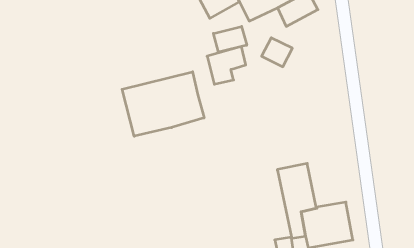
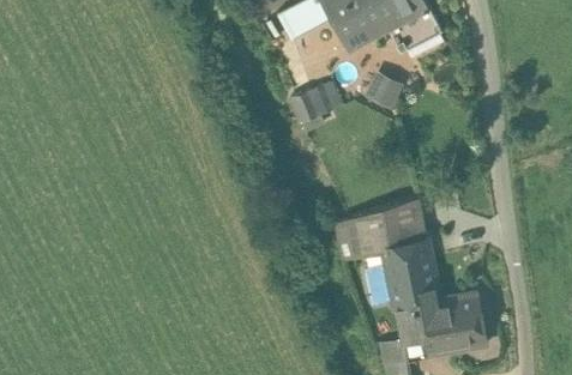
building: [213,26,247,52] -> none
building: [122,72,204,136] -> none
building: none -> [349,200,426,256]

